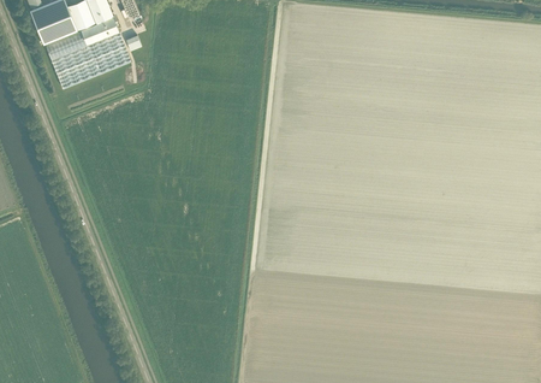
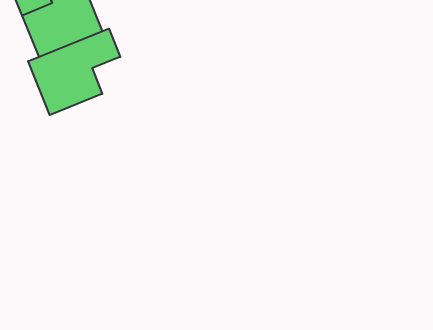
building: none -> [28,29,120,115]

